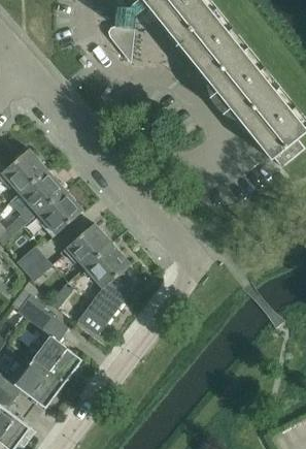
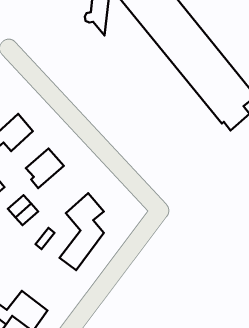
building: [12,169,64,217] -> none
building: [63,223,111,267] -> none
building: [16,294,81,384] -> none

